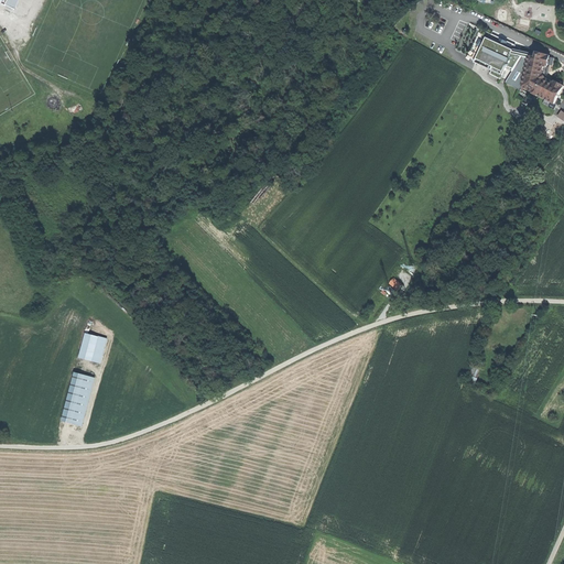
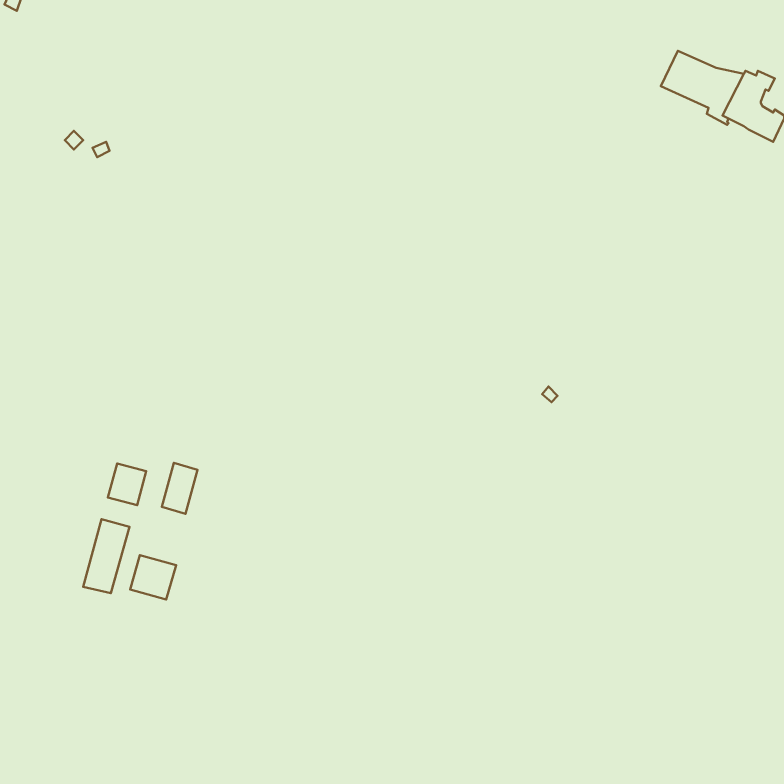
building: none -> [162,463,198,514]
building: none -> [130,555,176,599]

